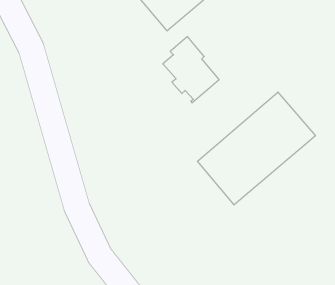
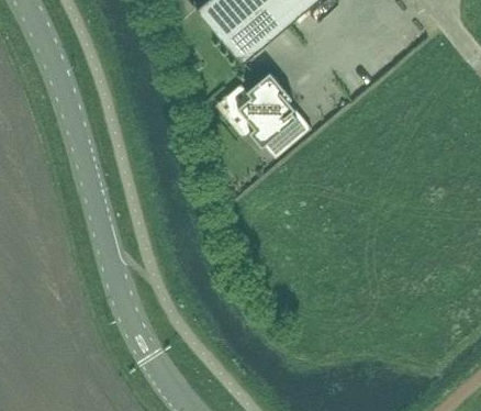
building: [197,92,315,205] -> none

